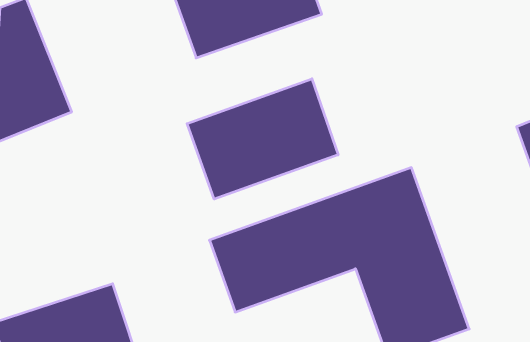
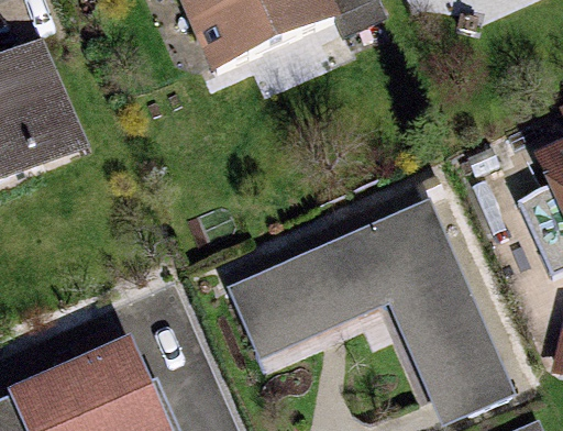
building: [187,79,338,199] -> none

